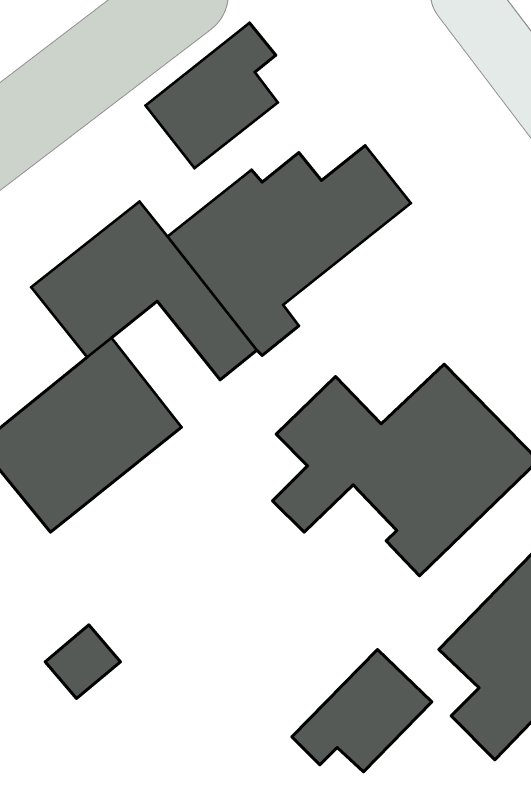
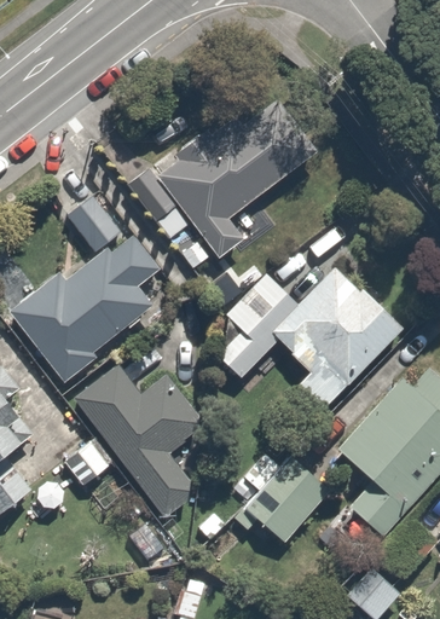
building: [145,23,278,168] -> none
building: none -> [79,370,204,517]

